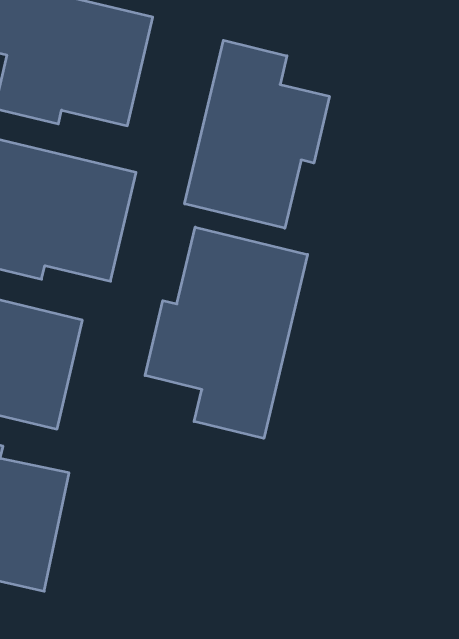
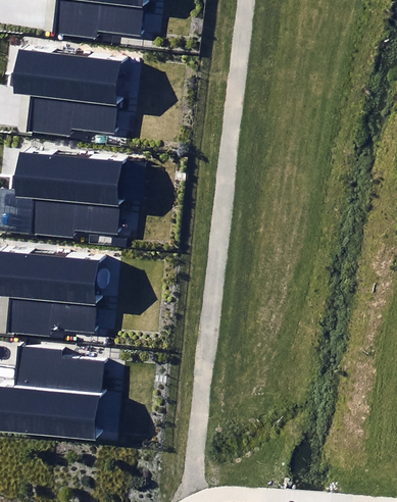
building: [185,40,329,228] -> none
building: [145,227,308,438] -> none

